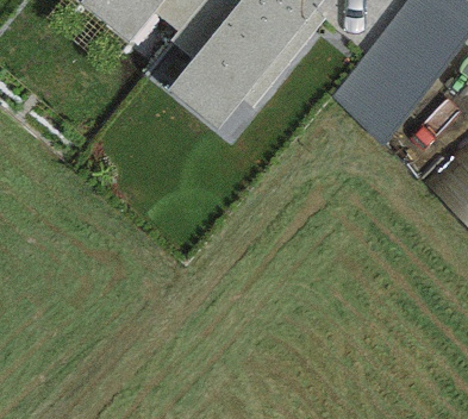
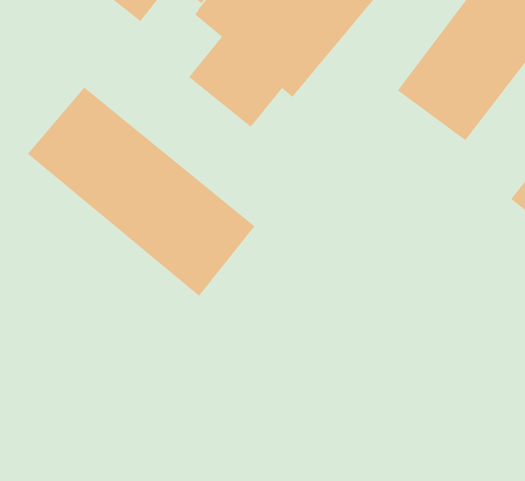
building: none -> [27,86,256,297]

